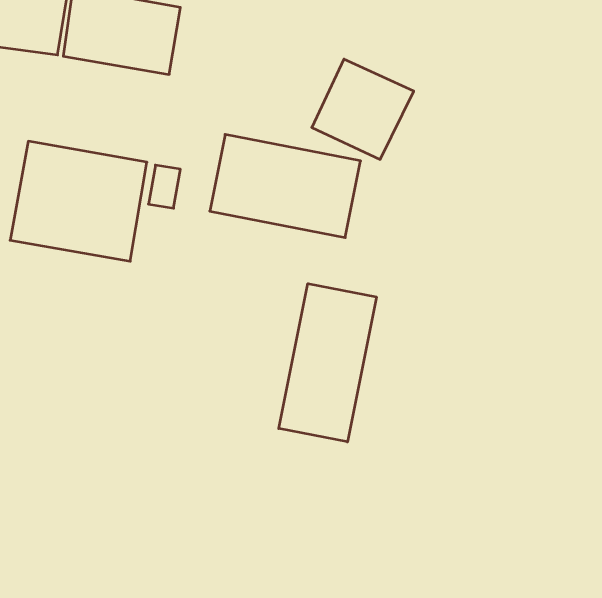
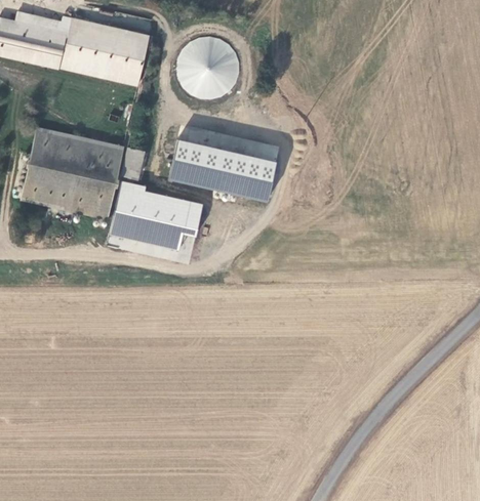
building: [312,59,414,159] -> [169,31,244,105]
building: none -> [107,180,202,263]
building: [279,284,376,442] -> none

